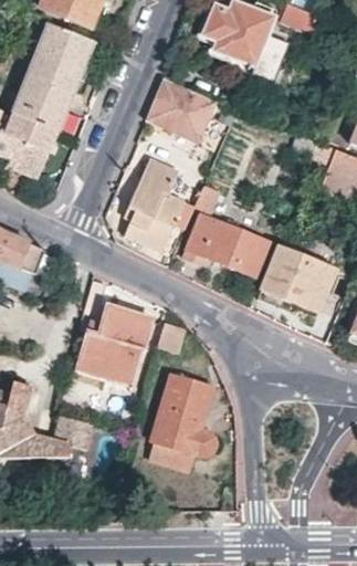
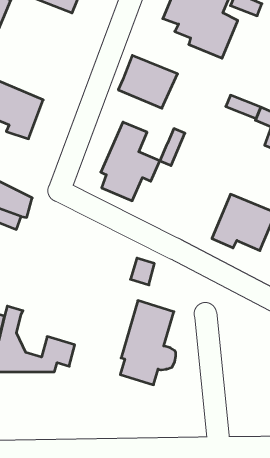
building: [13,22,95,130] -> none
building: [183,213,269,277] -> none
building: [78,277,155,386] -> none

